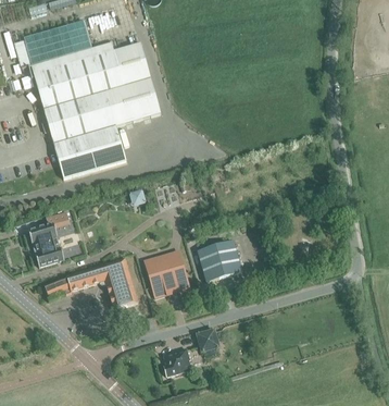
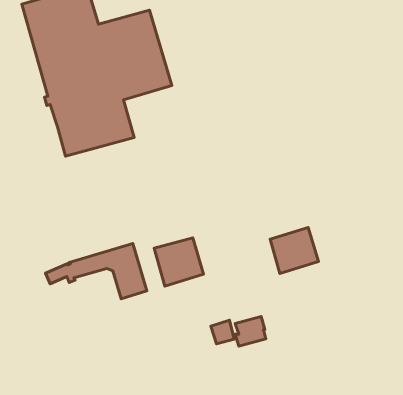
building: [28,210,84,267] -> none
building: [198,239,242,282] -> [270,227,319,273]
building: [163,348,191,376] -> [235,317,266,346]

